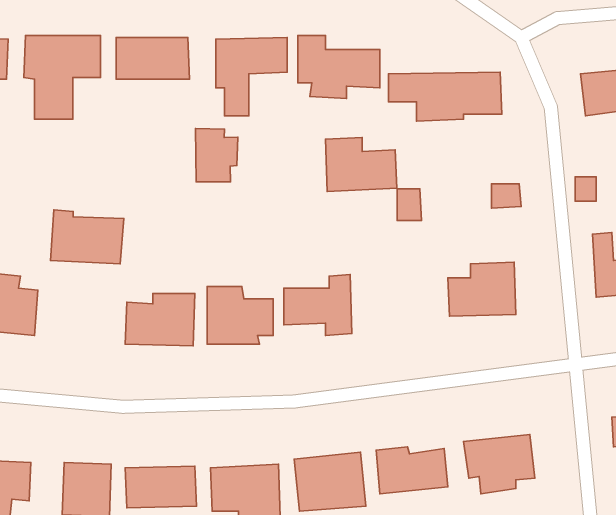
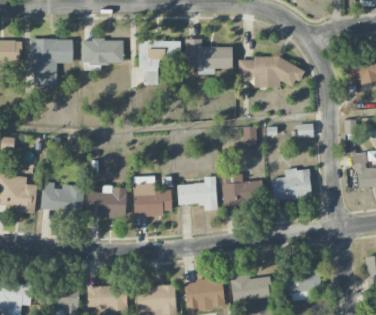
building: [195,128,238,182] -> none
building: [325,137,397,191] -> [222,174,263,205]
building: [50,210,124,264] -> [42,182,84,213]

